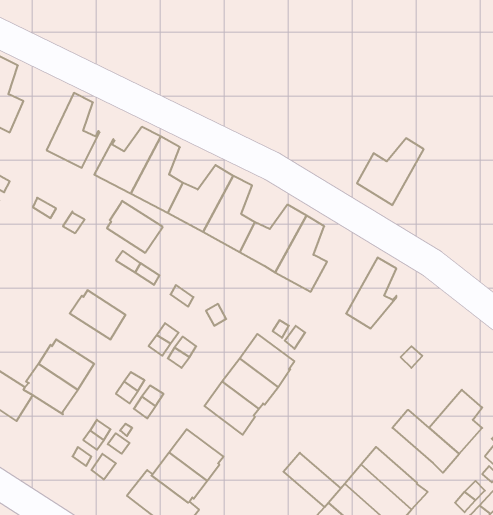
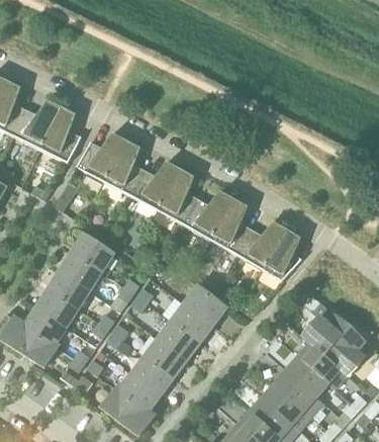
building: none -> [14,98,62,149]
building: [357,138,424,205] -> [238,220,287,270]
building: [107,201,163,253] -> [72,233,113,271]
building: none -> [49,270,89,307]
building: none -> [302,314,350,355]
building: none -> [19,331,58,366]
building: none -> [146,339,187,376]
building: [283,453,341,507] -> [286,355,328,395]

